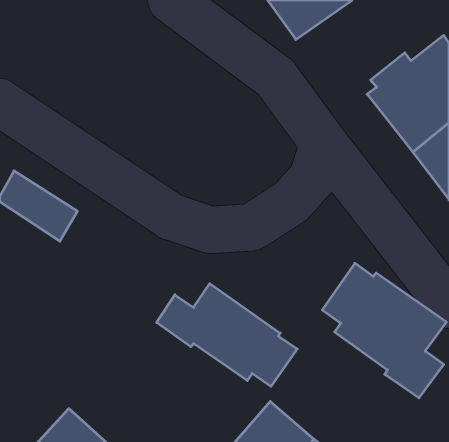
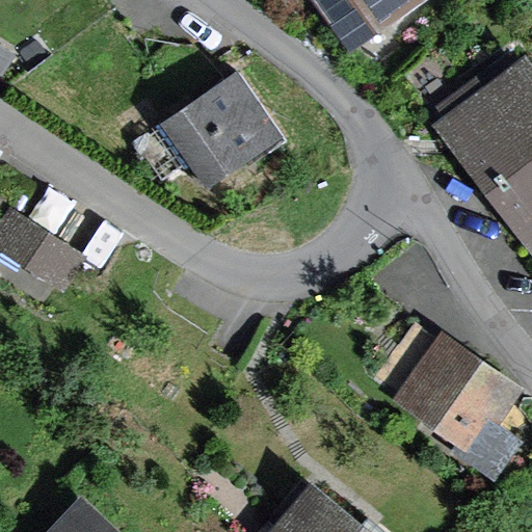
building: none -> [127,77,277,195]
building: [157,284,297,386] -> none

